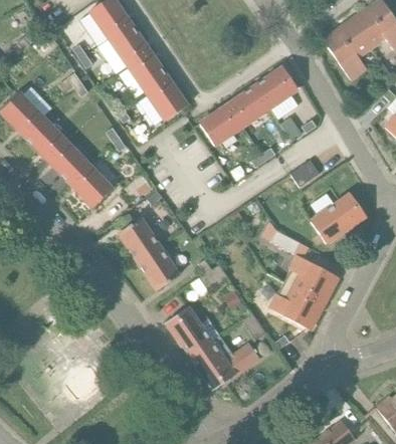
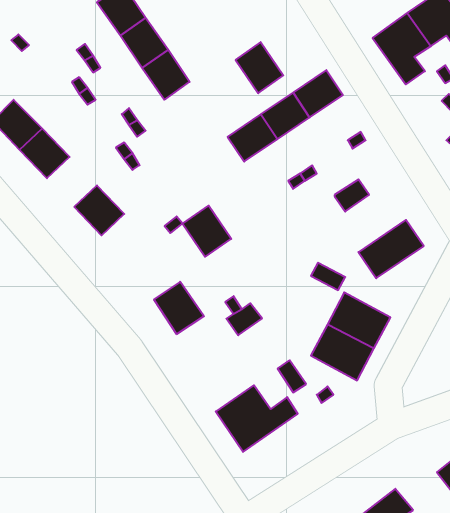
building: [147,77,187,121] -> [236,42,283,93]
building: [47,141,89,183] -> none
building: [119,218,160,261] -> [182,206,231,257]
building: [165,306,212,356] -> none

